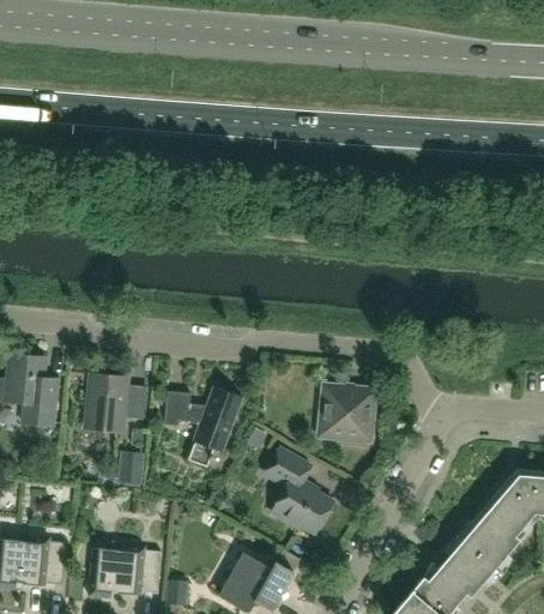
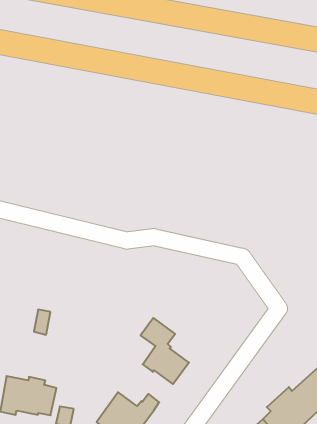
building: [86,374,147,426] -> none
building: [164,386,242,468] -> none
building: [320,387,373,439] -> none

